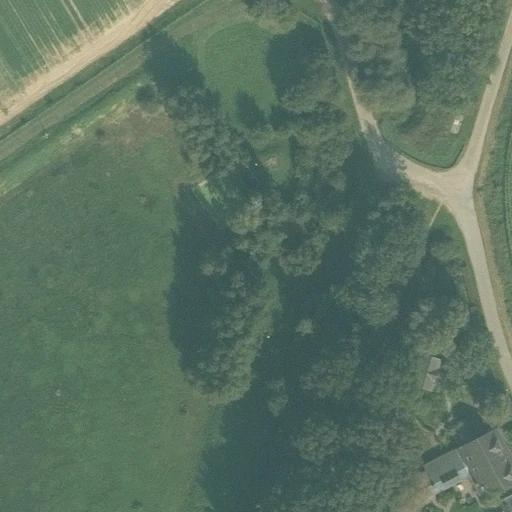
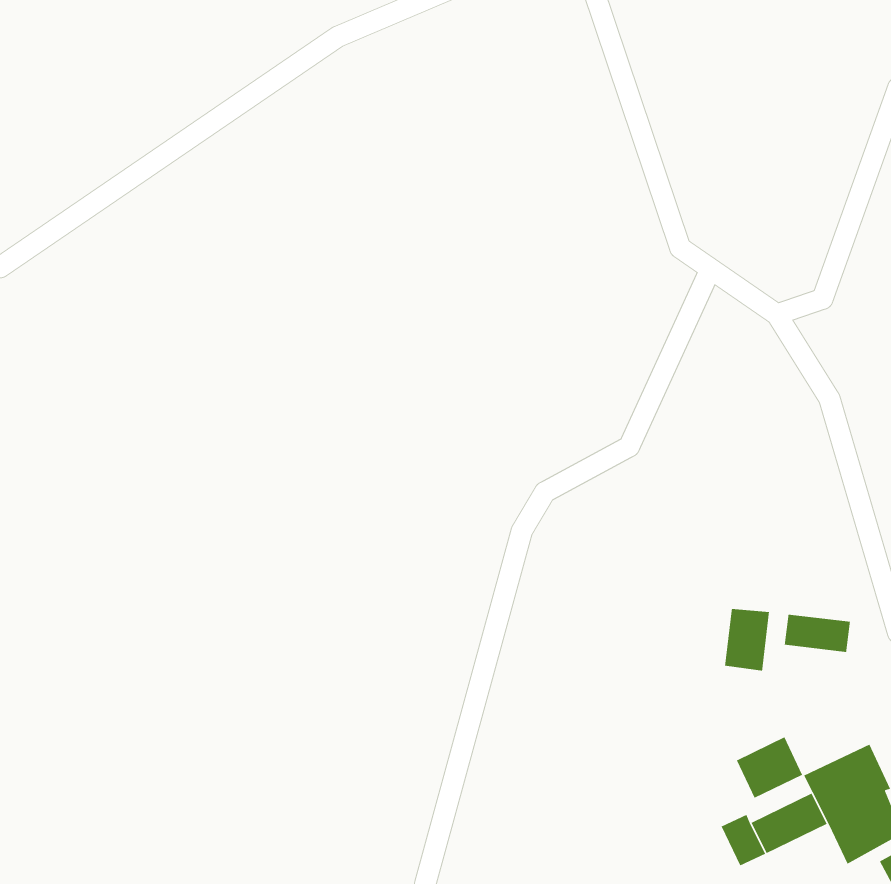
building: none -> [784,614,851,653]
building: none -> [736,736,803,799]

